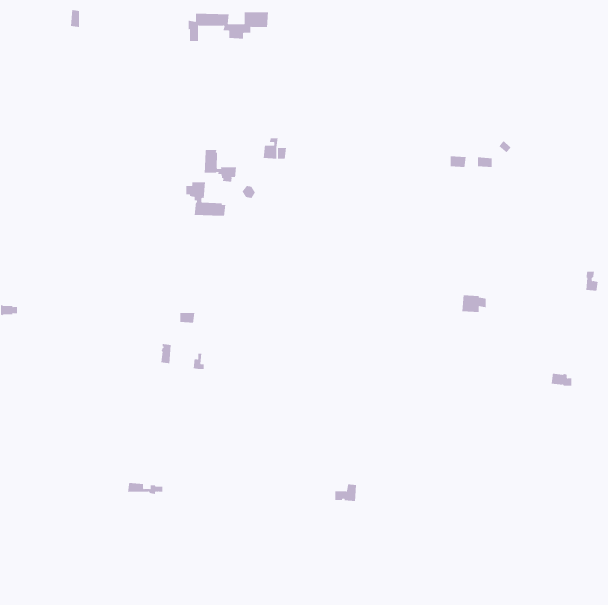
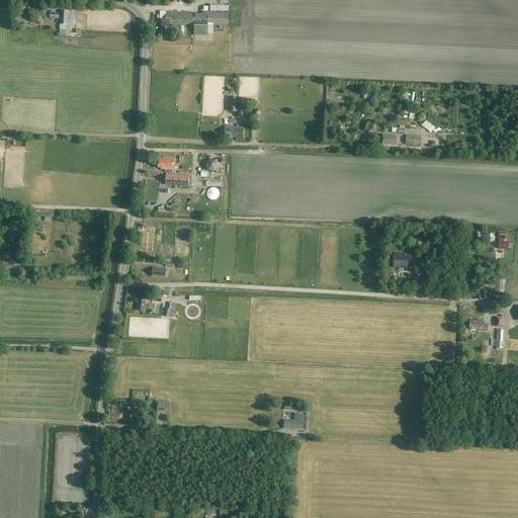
building: [204,149,237,182] -> none

